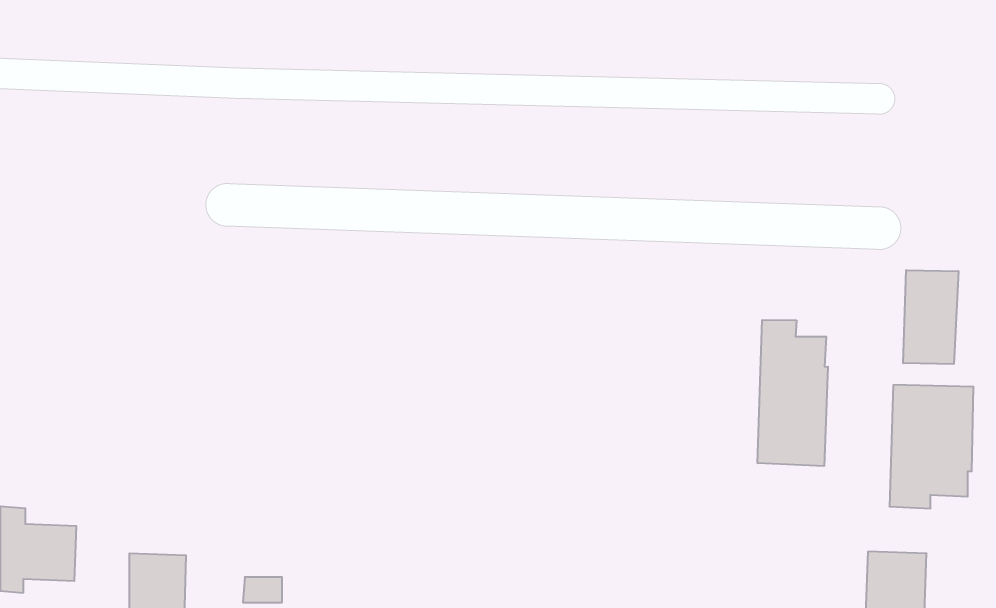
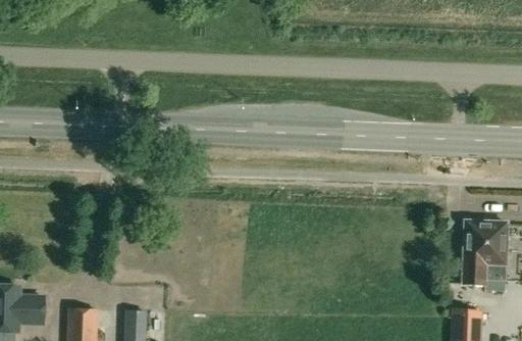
building: [903,270,958,364] -> none
building: [758,320,828,466] -> none

